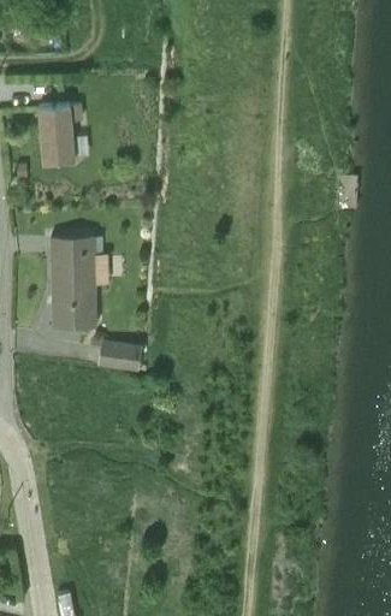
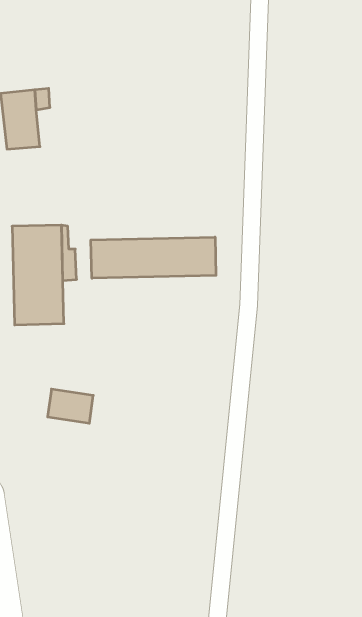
building: none -> [91,237,216,278]
building: [97,342,141,374] -> [48,389,93,423]

